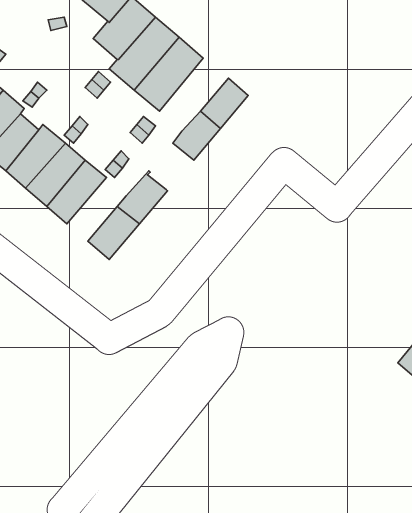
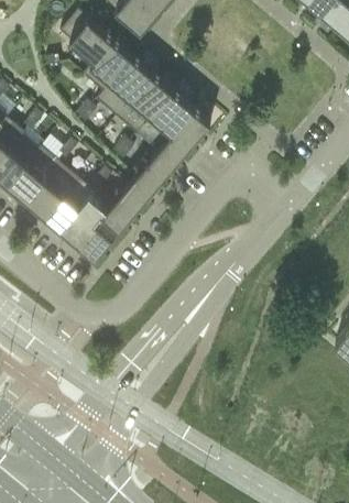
building: none -> [137,91,194,152]
building: none -> [127,162,165,201]
building: none -> [59,190,109,243]

